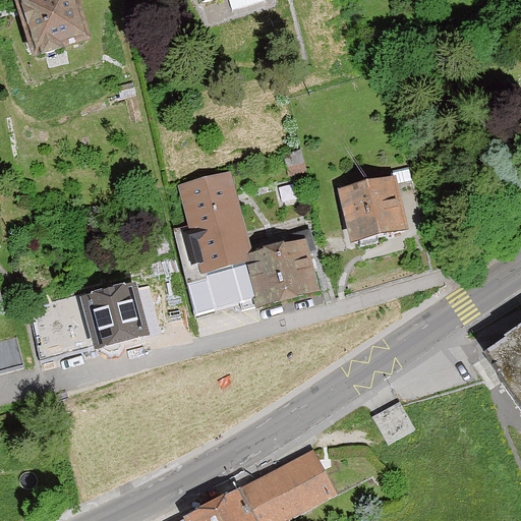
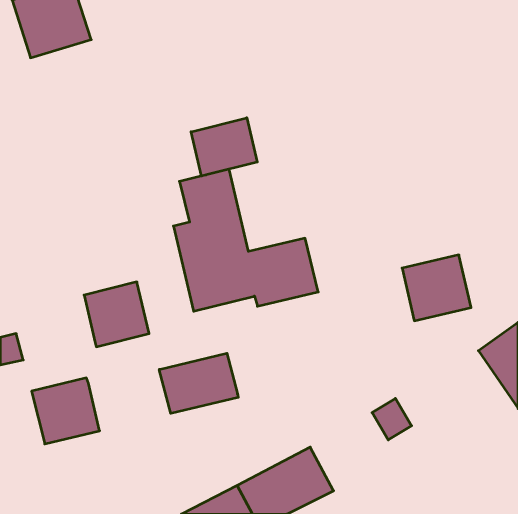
building: none -> [191,118,257,176]
building: [339,176,408,242] -> [402,255,471,321]
building: [27,291,96,357] -> [32,378,100,444]
building: none -> [159,353,238,413]

